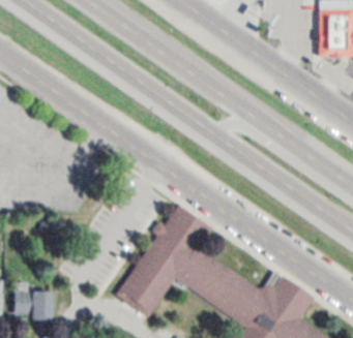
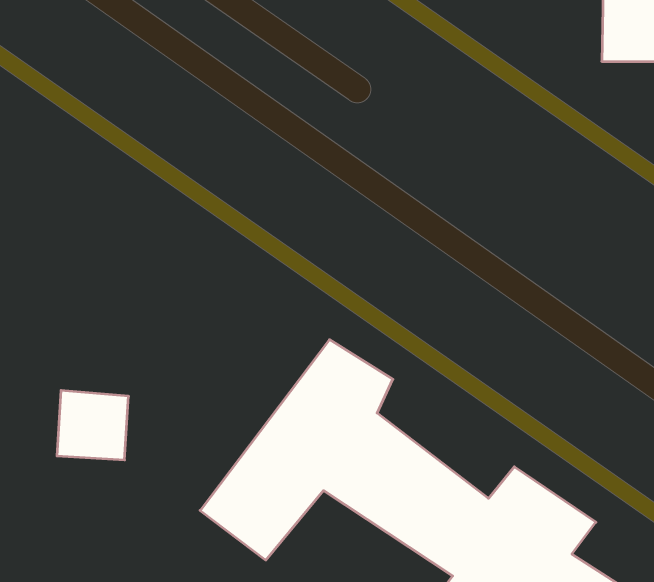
building: [10,282,48,318] -> [57,390,129,460]

